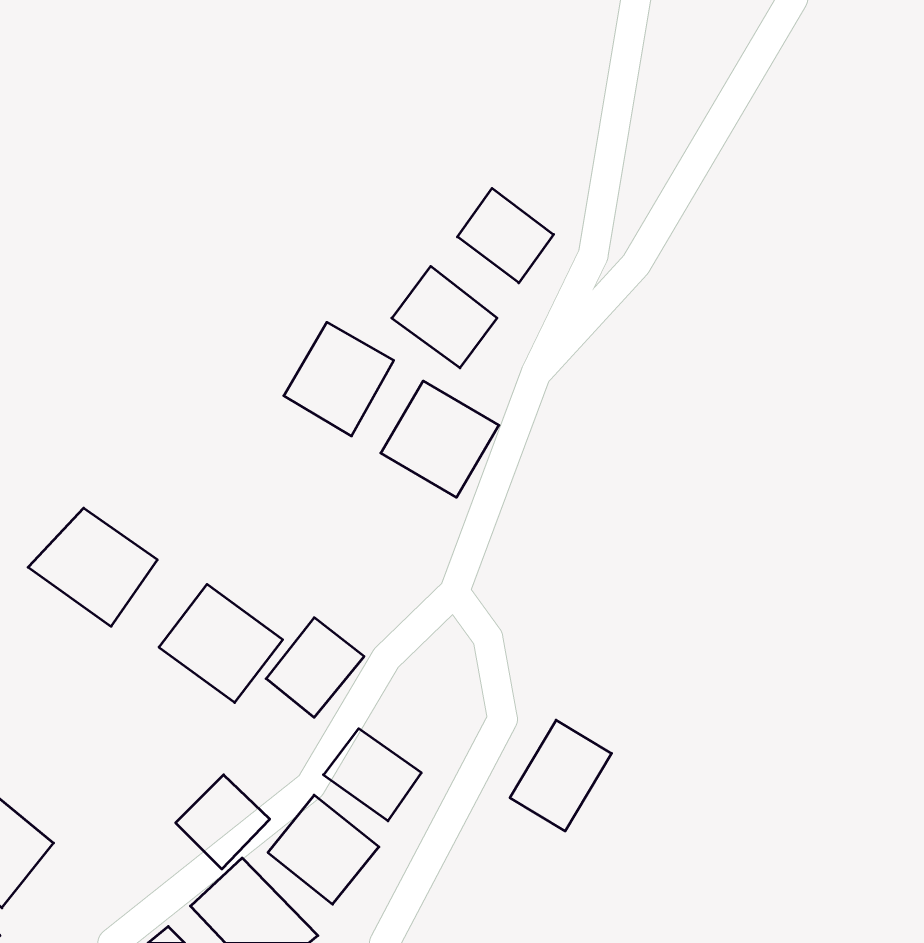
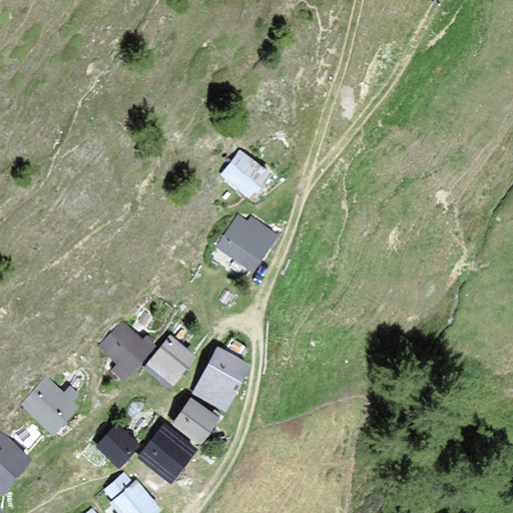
building: [457,188,554,283] -> none
building: [284,322,394,436] -> none
building: [28,508,157,626] -> [9,374,79,438]
building: [510,720,612,831] -> [201,347,256,407]

